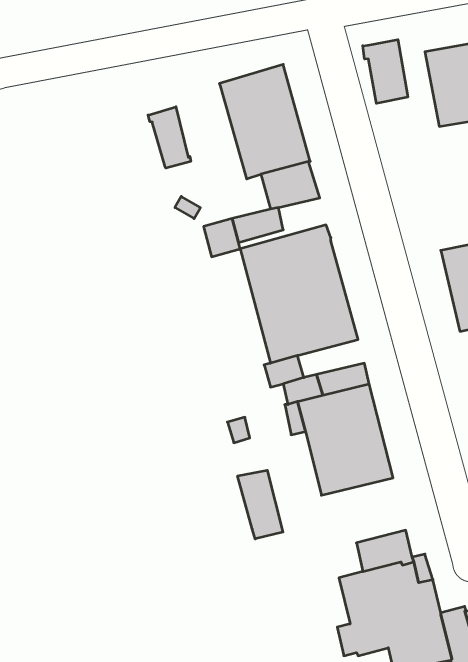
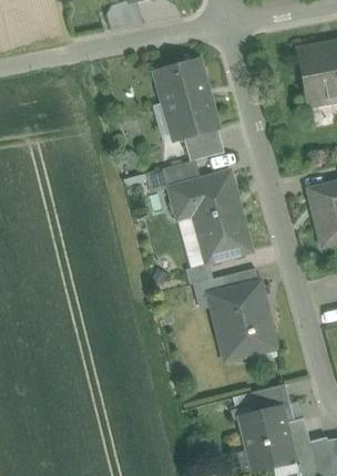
building: [363,40,408,103] -> none
building: [148,107,191,168] -> none
building: [238,470,283,539] -> none

